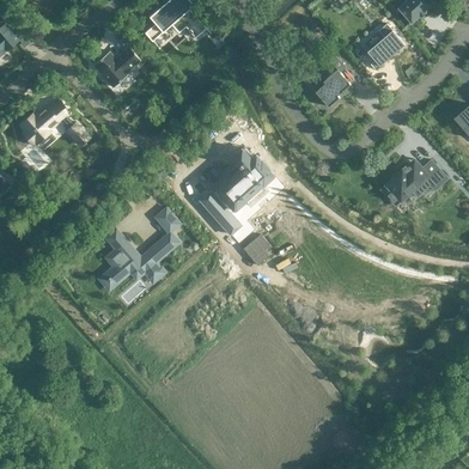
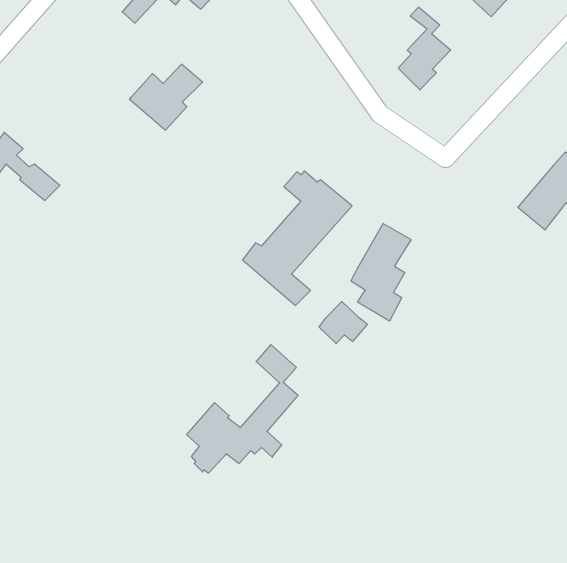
building: [93,47,141,87] -> [129,64,203,130]
building: none -> [351,223,411,321]
building: [105,207,181,284] -> [187,345,298,473]

